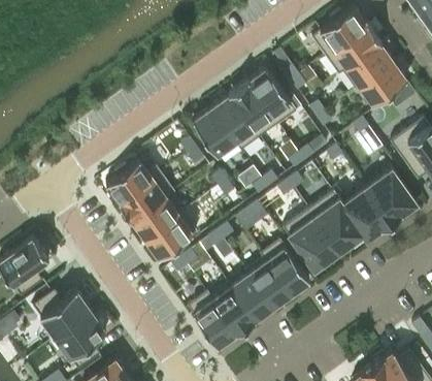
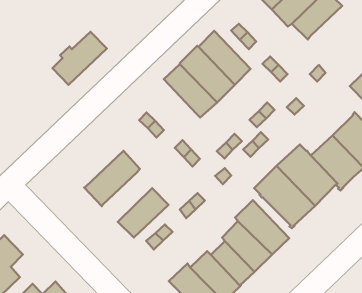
building: [359,63,406,106] -> none
building: [192,109,237,161] -> none
building: [105,155,161,203] -> [52,32,107,85]
building: [133,196,184,242] -> none

